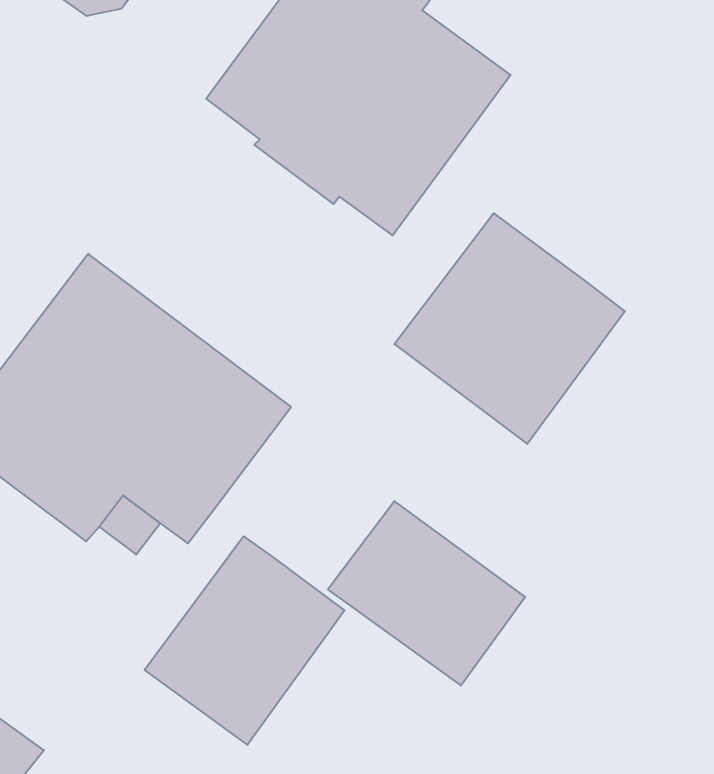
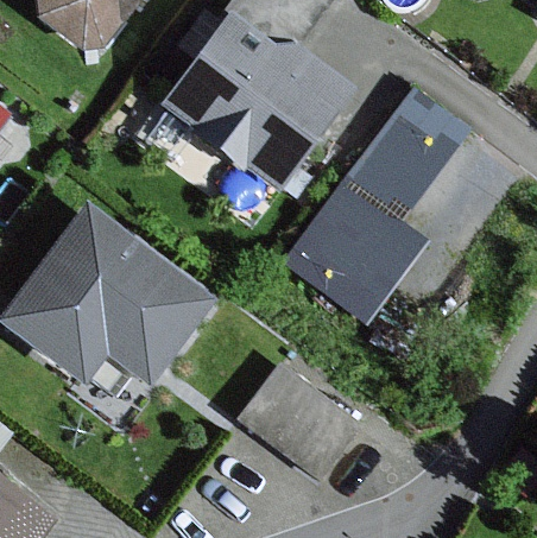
building: none -> [346,86,473,220]
building: [145,536,345,745] -> none

